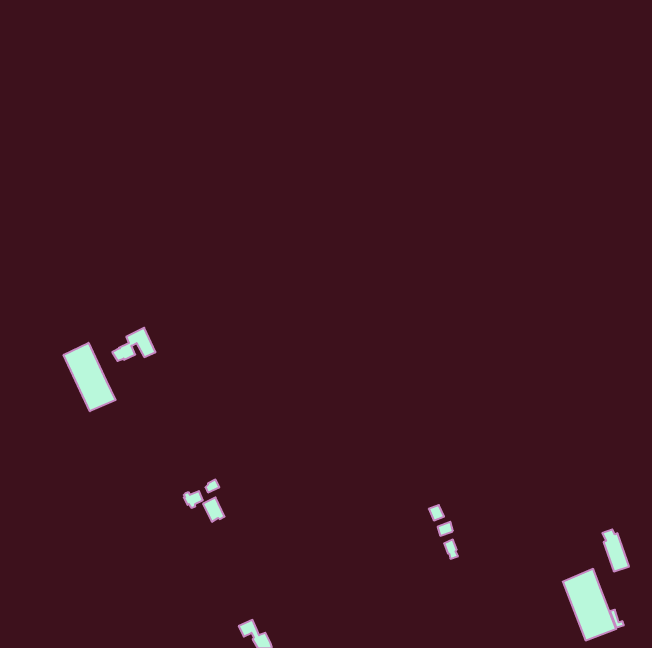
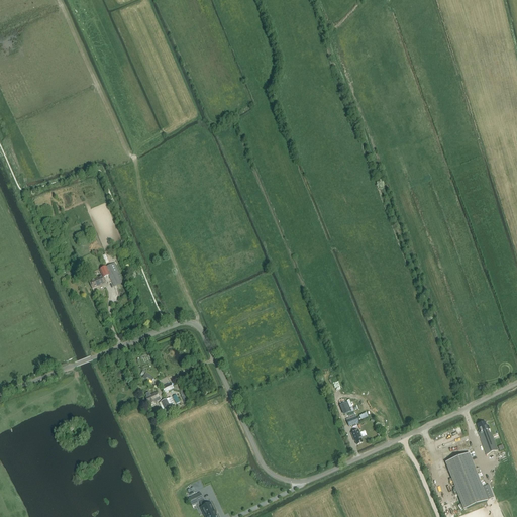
building: [64,343,116,411] -> none

